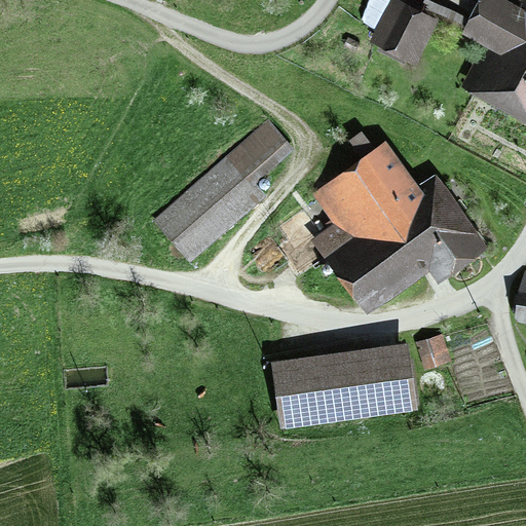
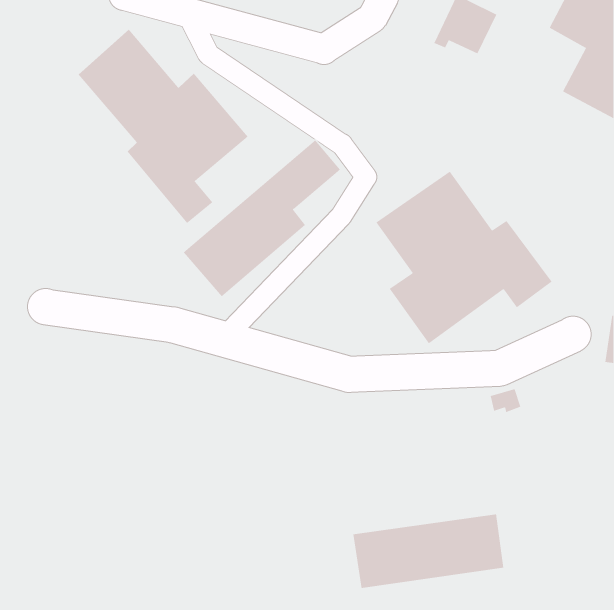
building: none -> [78,29,249,224]
building: [276,353,406,417] -> [352,514,504,588]

